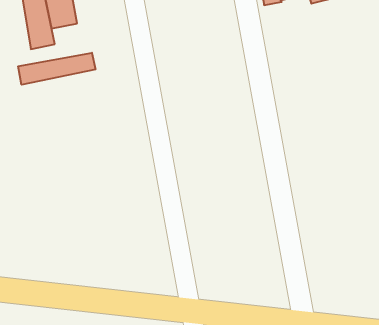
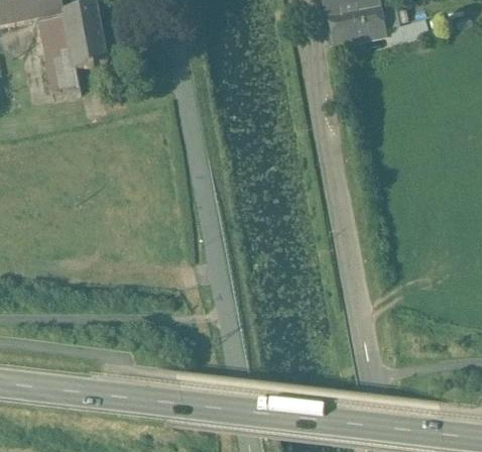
building: [18,53,95,85] -> none

